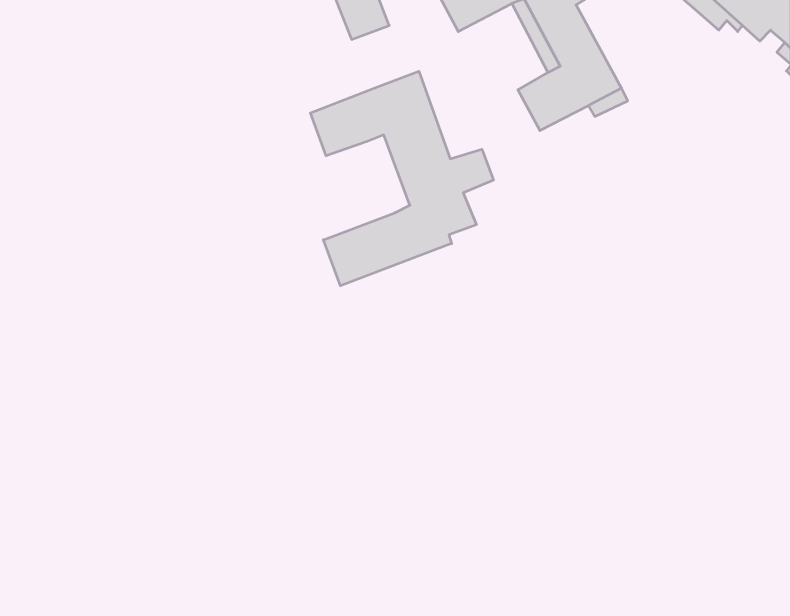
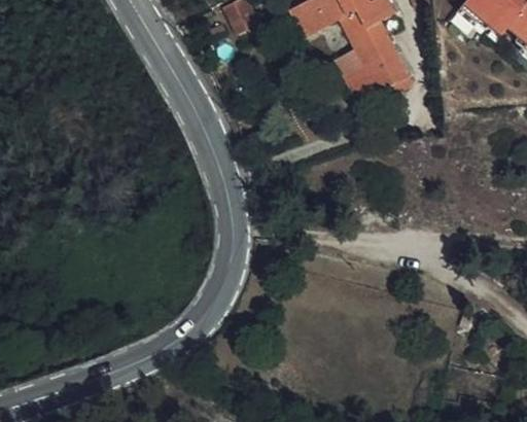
building: [310,71,493,286] -> none

